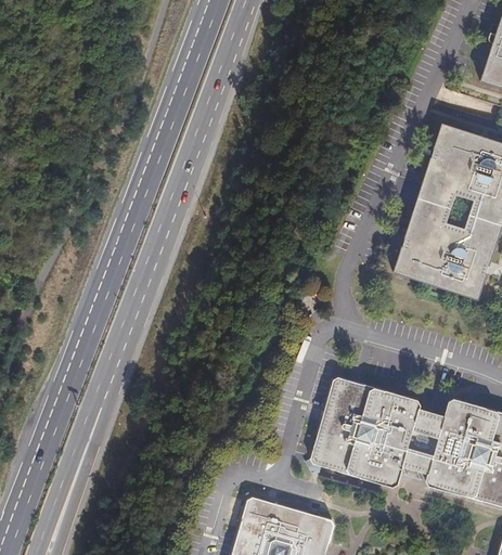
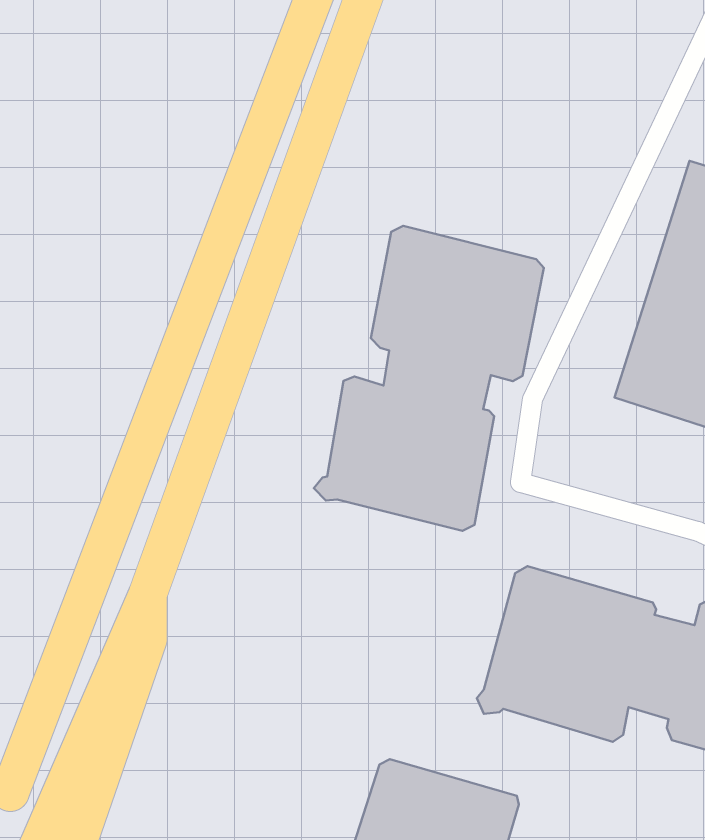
building: none -> [314,226,544,531]

